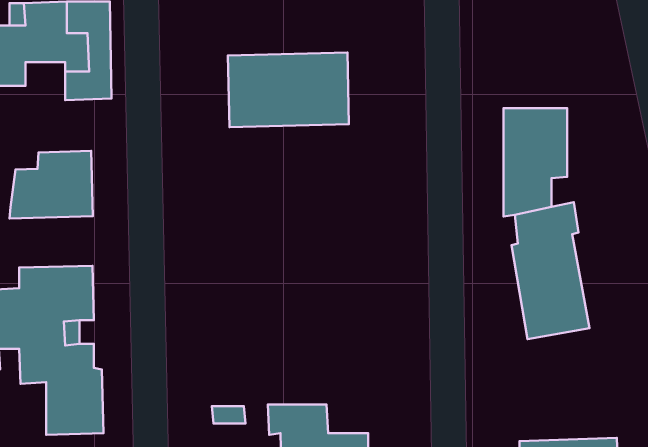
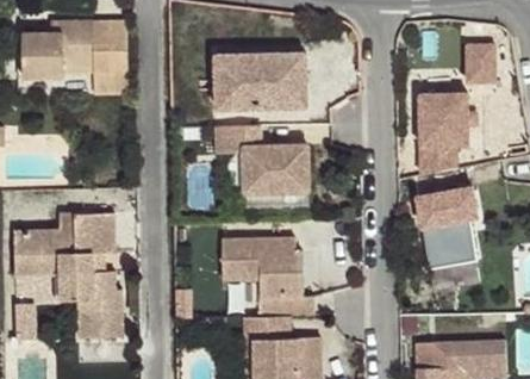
building: none -> [463,41,497,82]
building: none -> [216,126,307,193]
building: [9,151,93,219] -> none
building: none -> [222,238,313,317]

